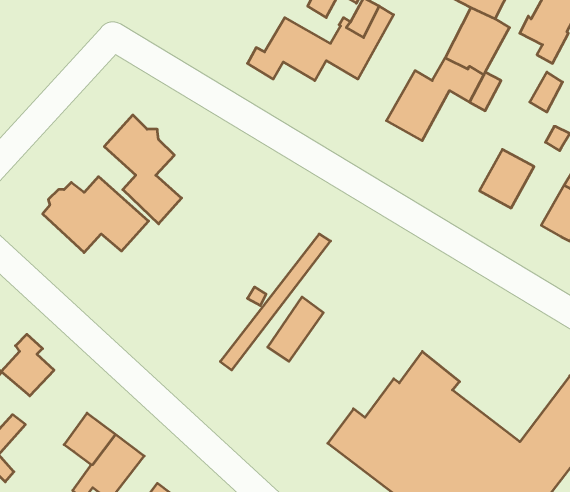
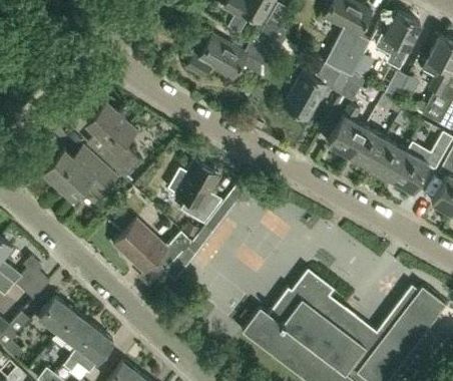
building: none -> [327,103,365,156]
building: none -> [371,139,408,180]
building: none -> [168,162,219,224]
building: none -> [115,222,192,272]
building: none -> [39,298,74,334]

